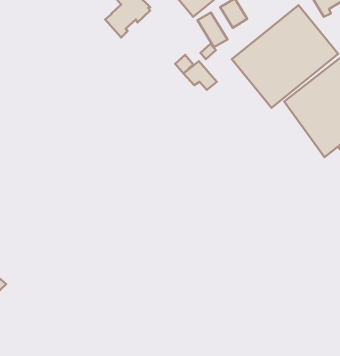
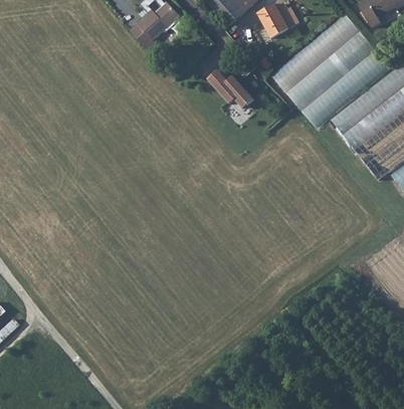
building: [198,12,227,47] -> none

